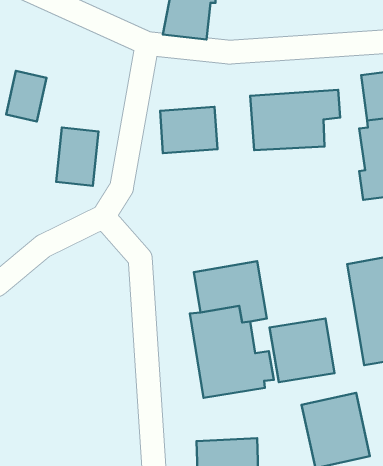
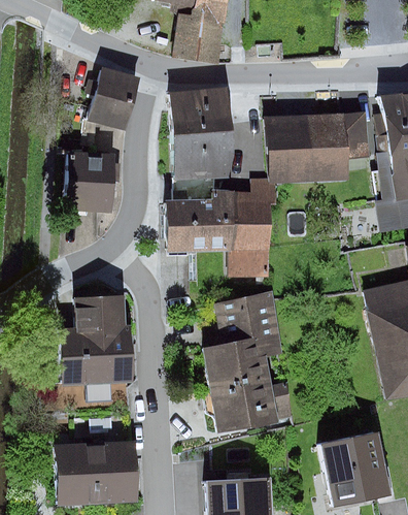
building: none -> [168,88,229,135]
building: [6,71,47,121] -> [88,75,130,128]
building: none -> [168,180,277,277]
building: none -> [58,298,126,407]
building: [270,318,335,382] -> none
building: none -> [58,442,131,501]

